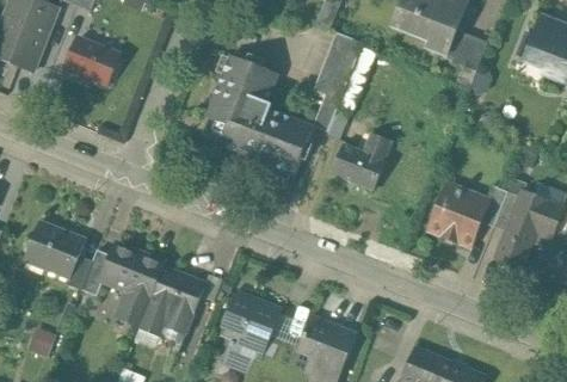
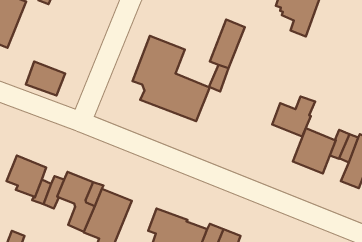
building: [451,32,486,72] -> none
building: [63,36,118,84] -> [26,61,65,96]
building: [331,134,390,190] -> [272,96,315,137]

